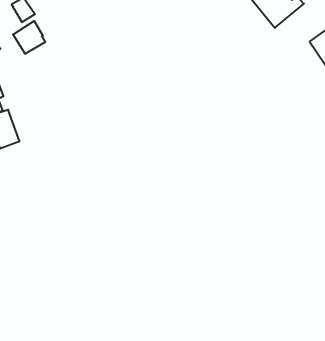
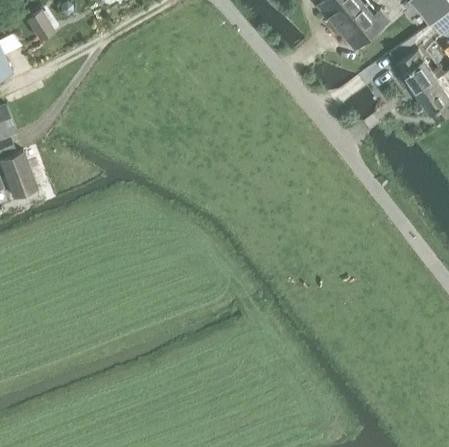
building: [13,21,45,54] -> none

